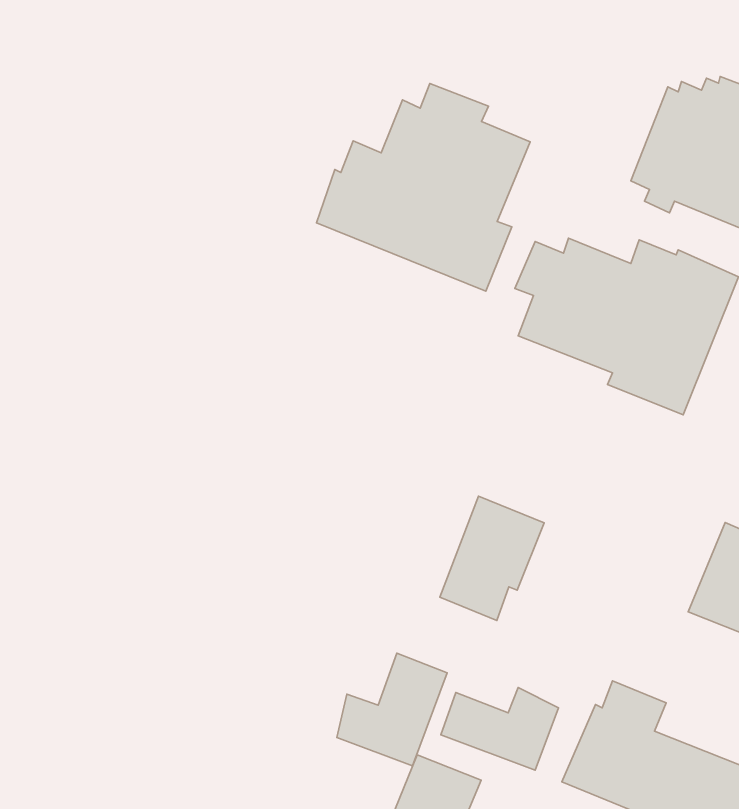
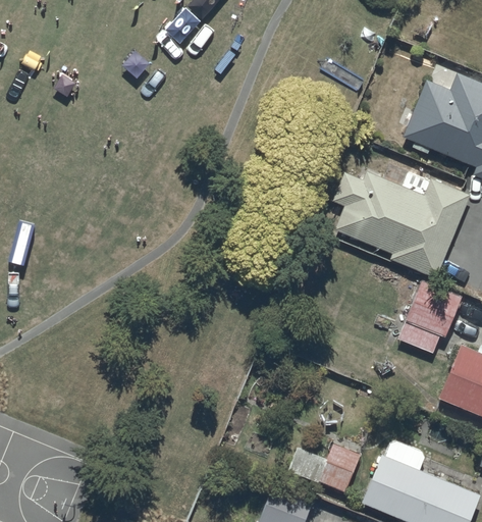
building: [316,84,530,291] -> none
building: [440,496,544,621] -> [397,280,461,356]
building: [337,653,447,766] -> none

